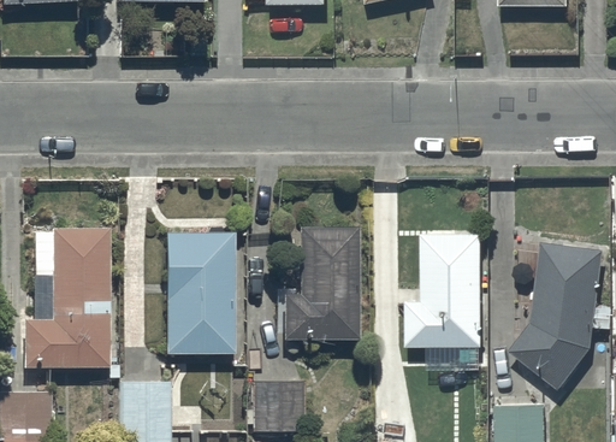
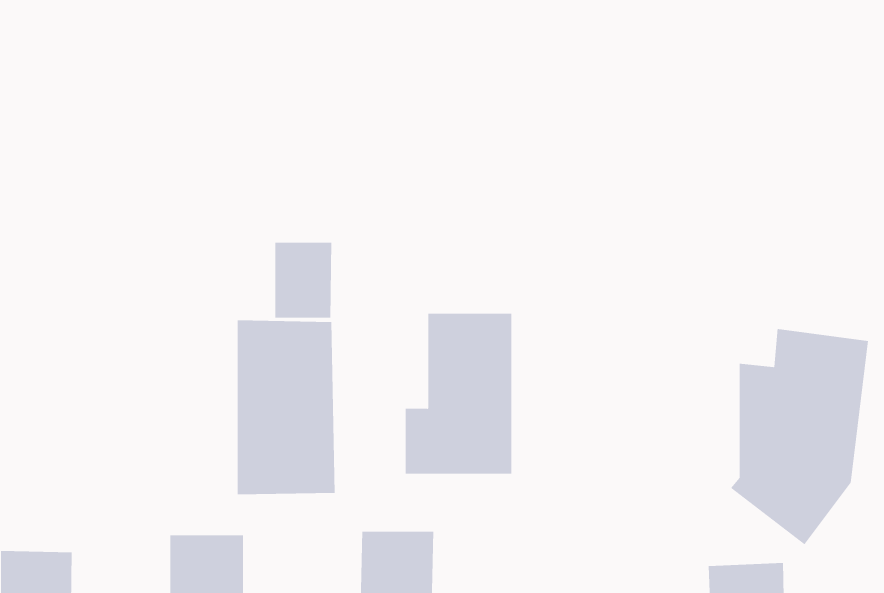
building: none -> [275,242,332,319]
building: [23,228,118,376] -> none
building: [405,231,482,346] -> none

